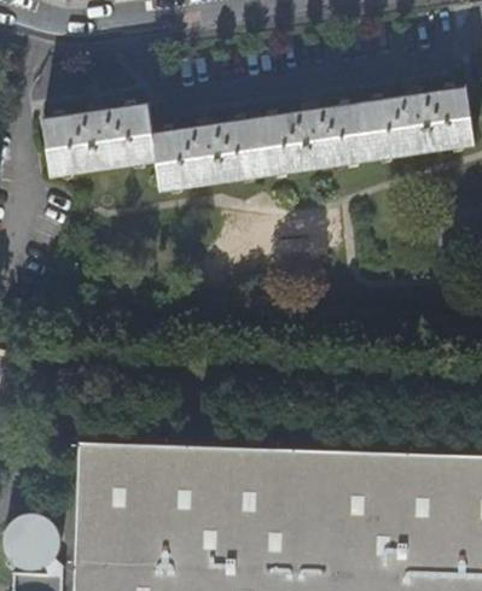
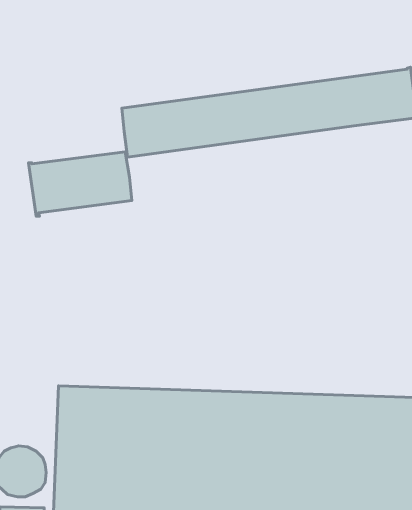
building: [41,107,153,177] -> [28,152,132,216]

